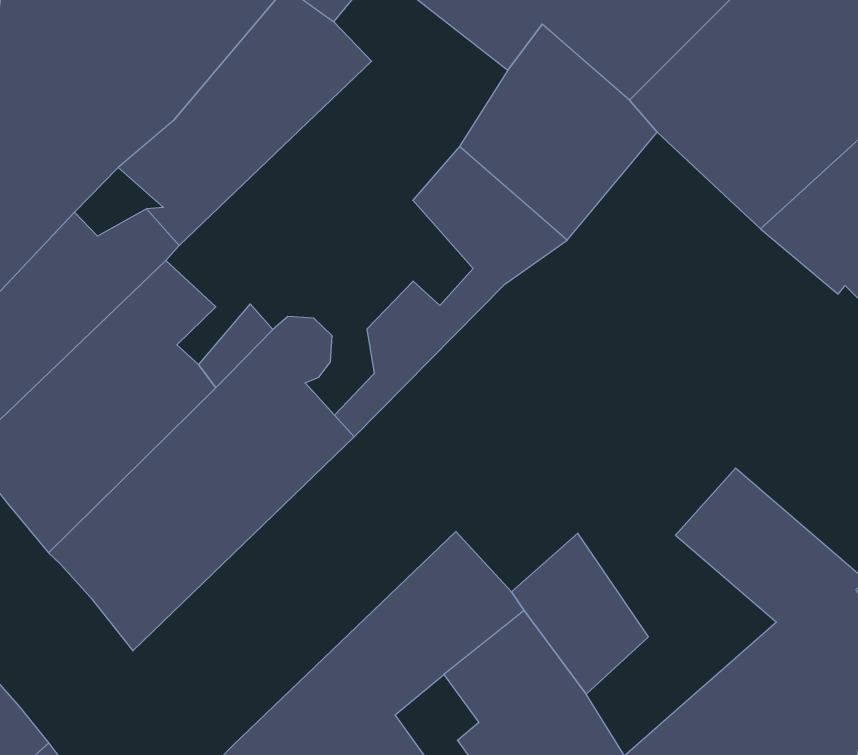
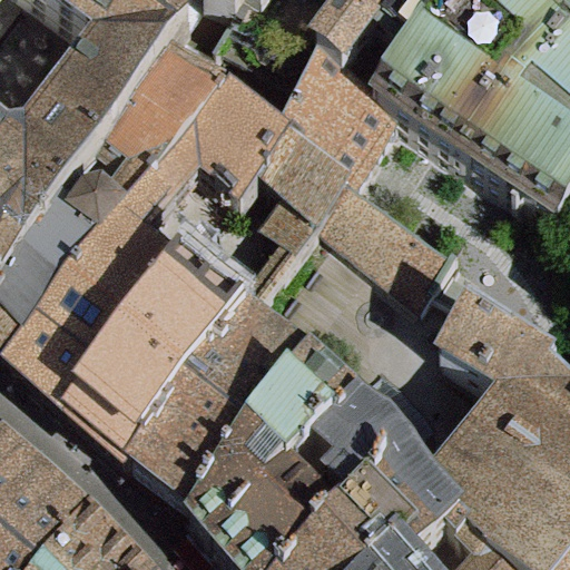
building: none -> [119,100,284,258]
building: none -> [322,190,454,304]
building: none -> [131,324,313,517]

